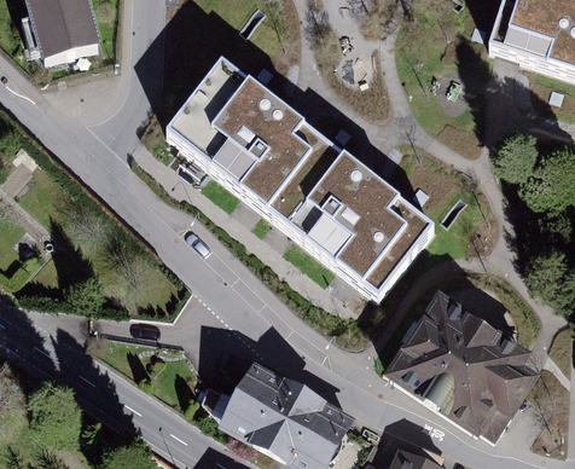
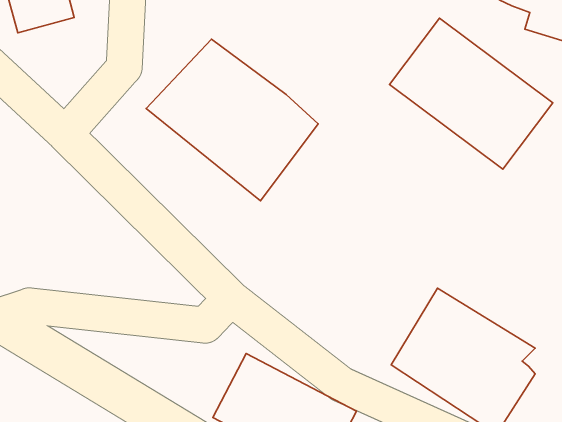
building: none -> [390,18,553,169]
building: [271,145,430,305] -> none

